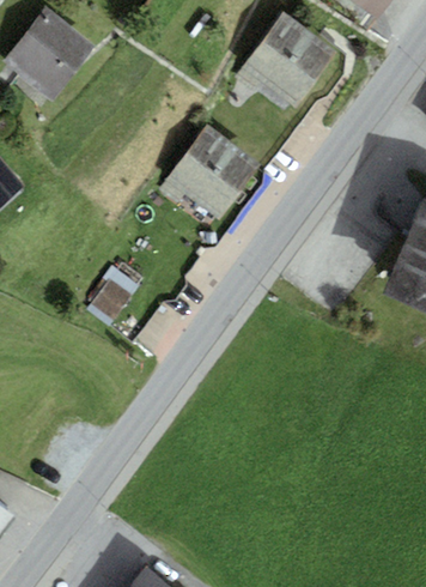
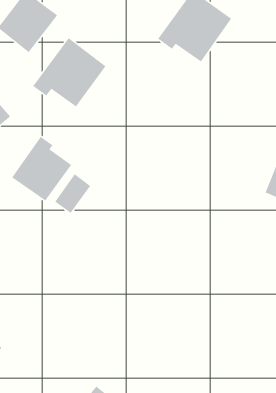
building: [156,122,261,222] -> [32,37,106,107]
building: none -> [11,136,72,202]

